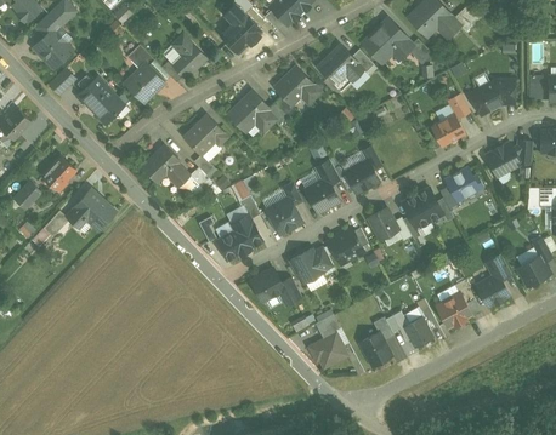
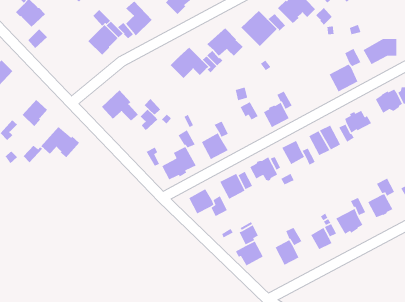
building: [75,76,121,124] -> none
building: [182,114,227,154] -> none
building: [303,177,339,212] -> none

